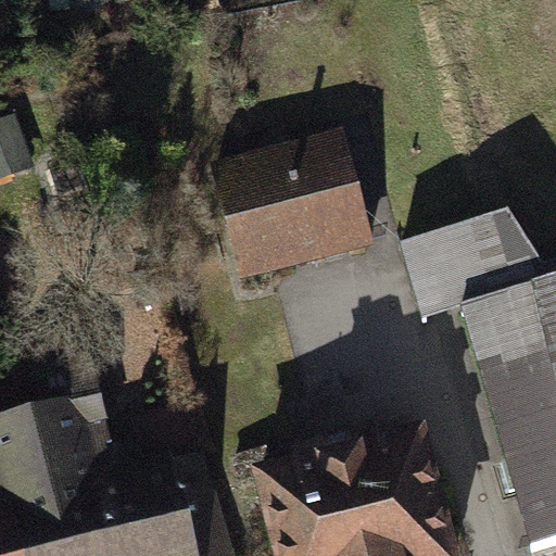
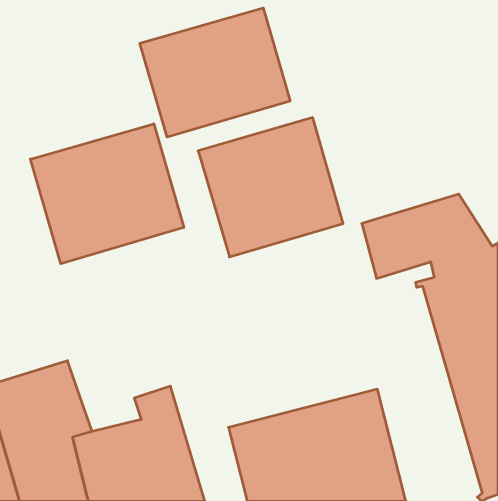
building: none -> [140,8,290,137]
building: none -> [30,124,184,264]

